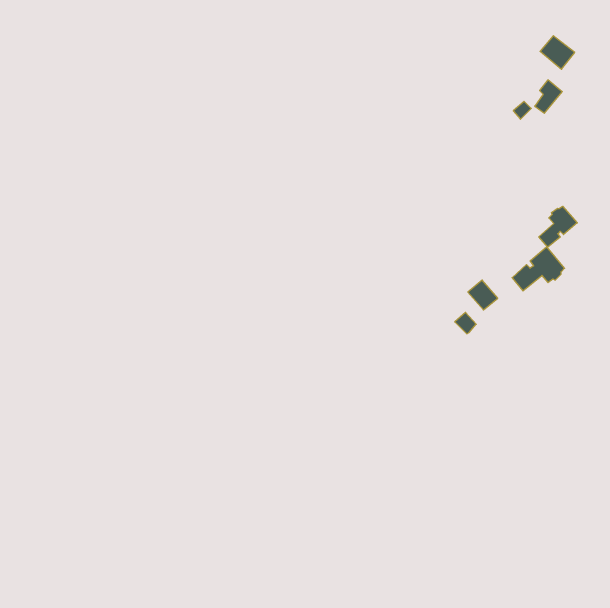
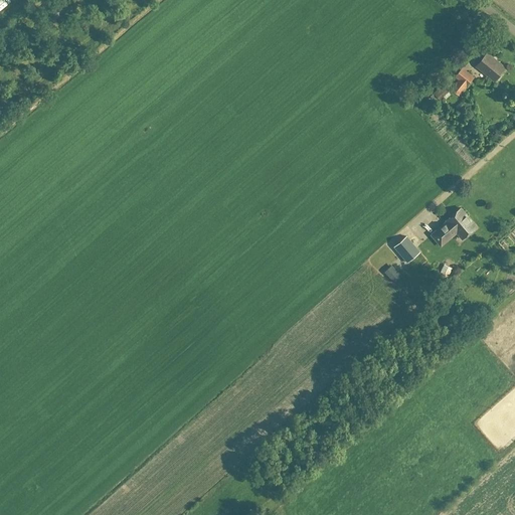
building: [540,36,575,69] -> [476,53,505,81]
building: [539,206,577,247] -> none

